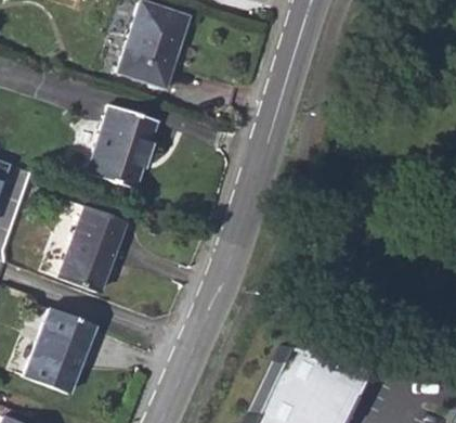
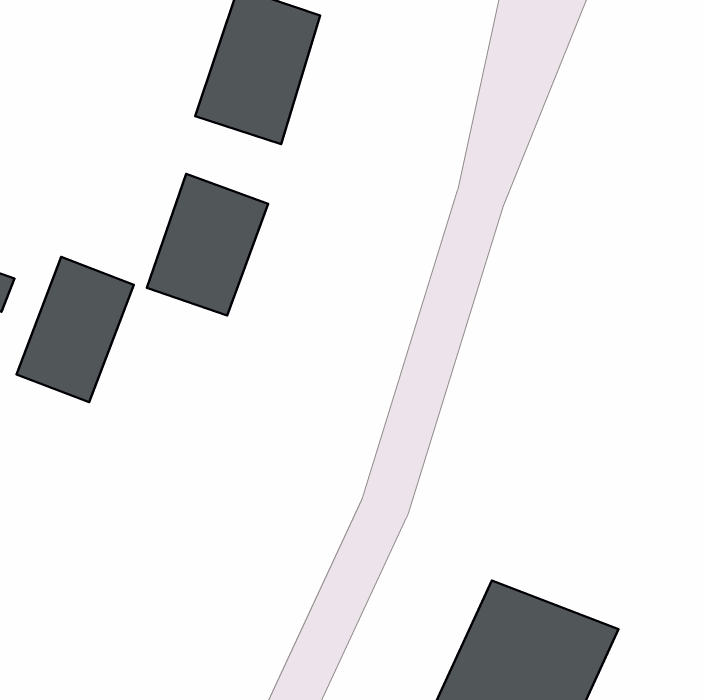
building: [60,207,128,292] -> [16,257,134,402]
building: [24,306,96,394] -> none

